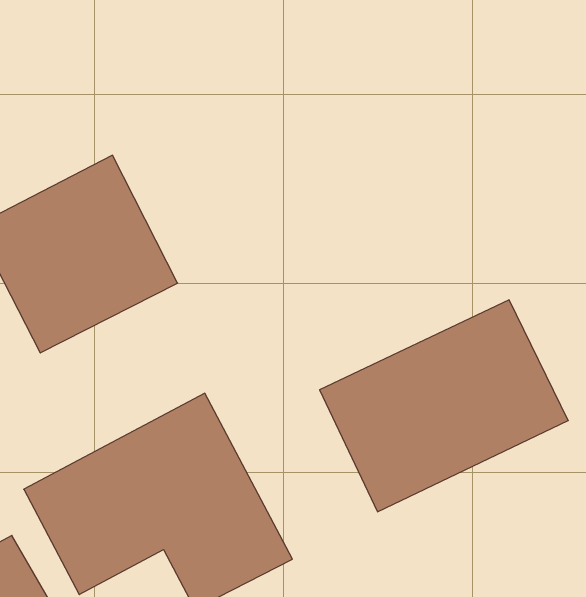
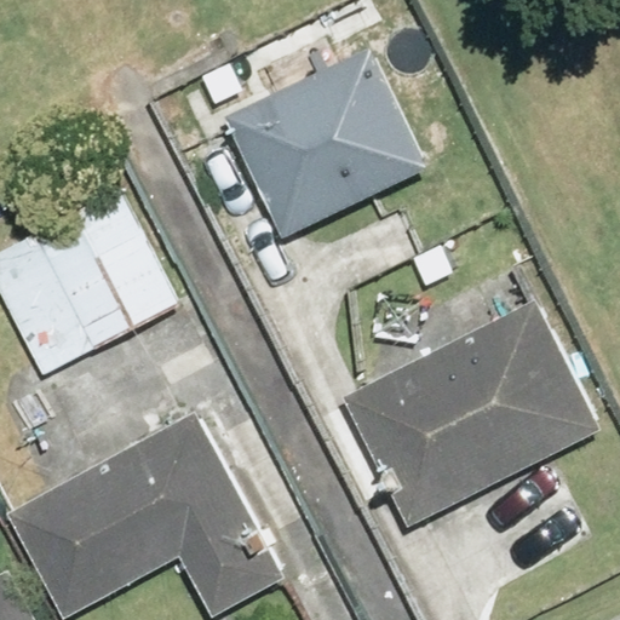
building: none -> [202,46,429,246]

